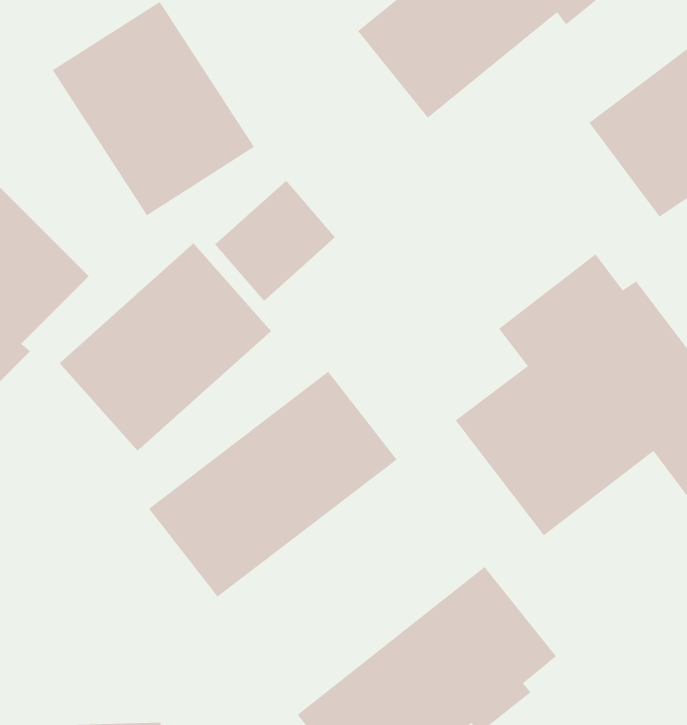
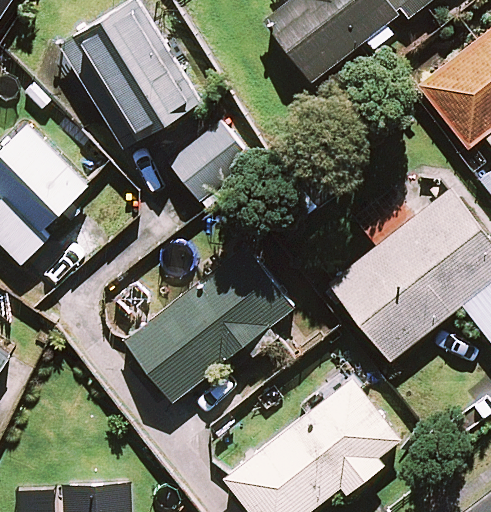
building: [59,243,272,452] -> none

